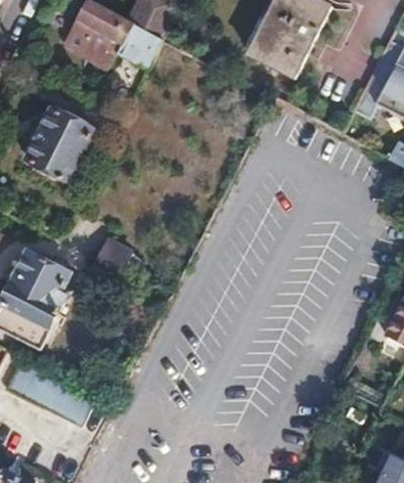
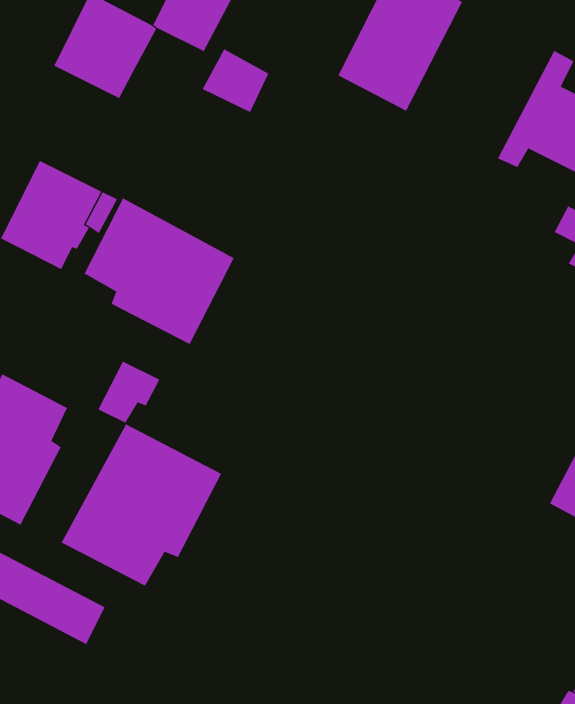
building: [116,21,160,63] -> [202,48,269,113]
building: none -> [84,198,235,345]
building: none -> [61,424,222,586]

